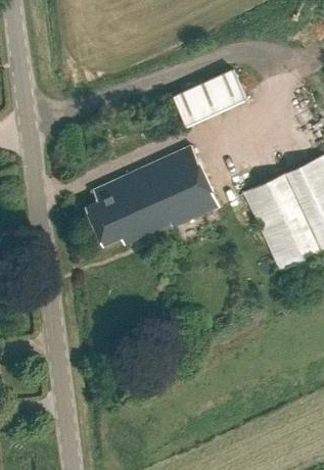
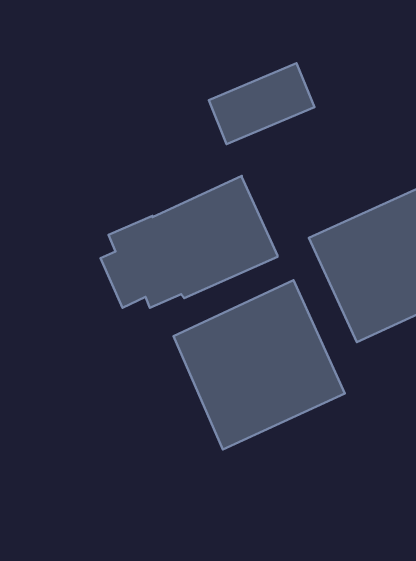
building: none -> [173,280,345,450]

